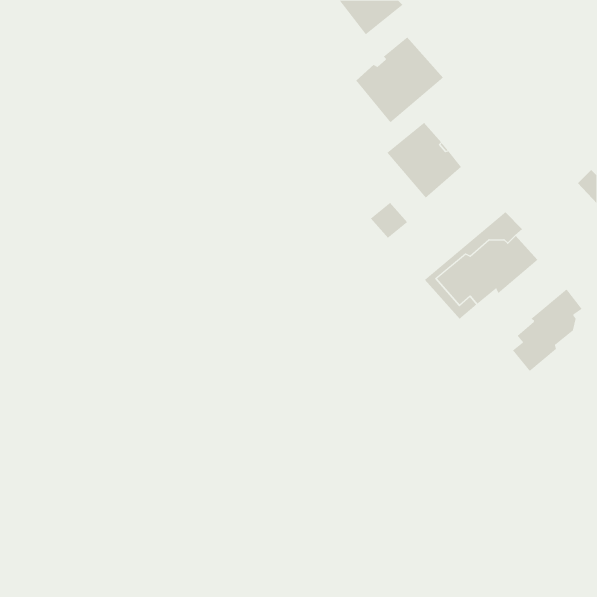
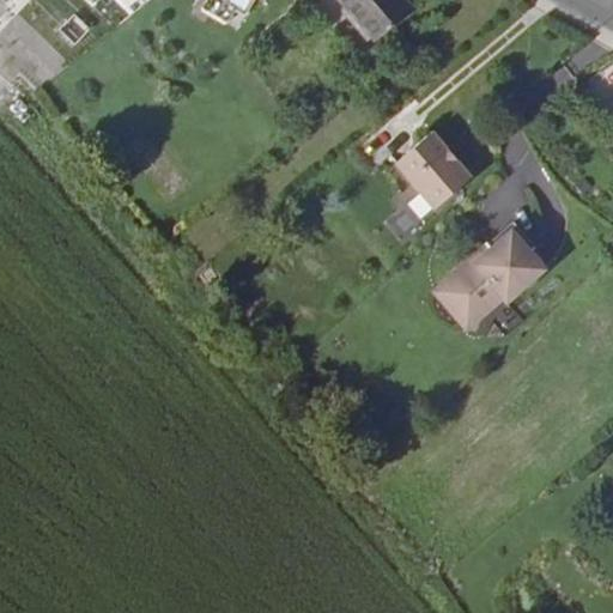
building: [355,37,444,123] -> none
building: [512,288,583,372] -> none

